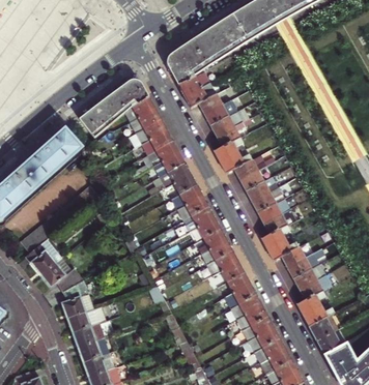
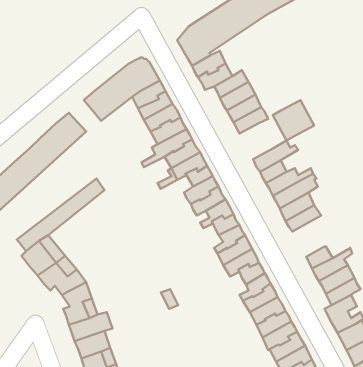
building: [212,137,250,173] -> [273,100,314,141]
building: [260,225,296,261] -> none

